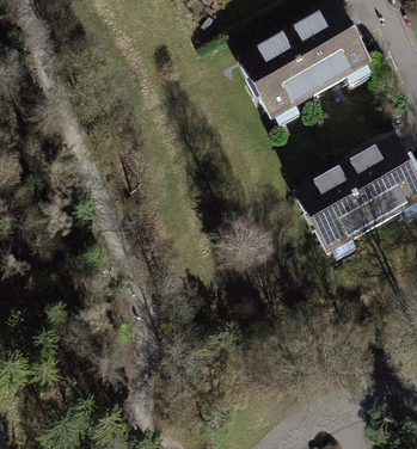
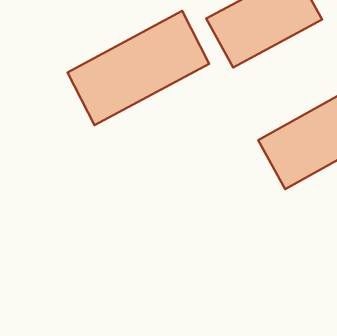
building: none -> [67,11,209,125]

